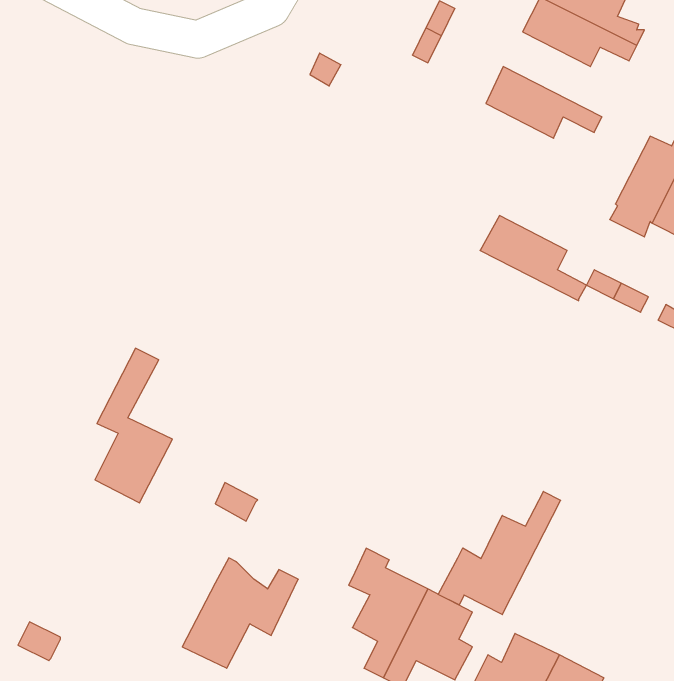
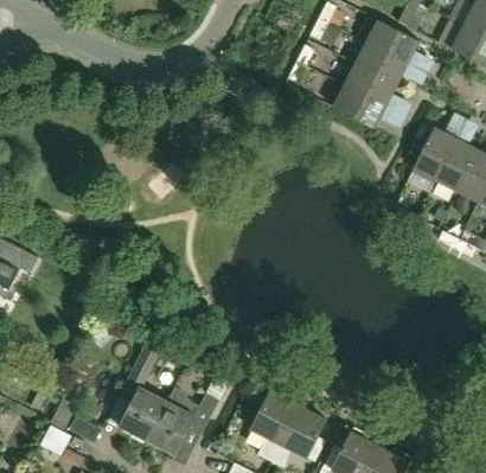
building: [480,216,586,301] -> [344,64,409,116]
building: [95,348,172,503] -> [120,346,167,441]
building: [438,491,561,615] -> none

